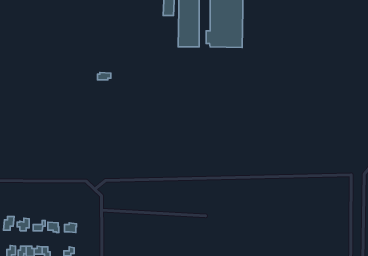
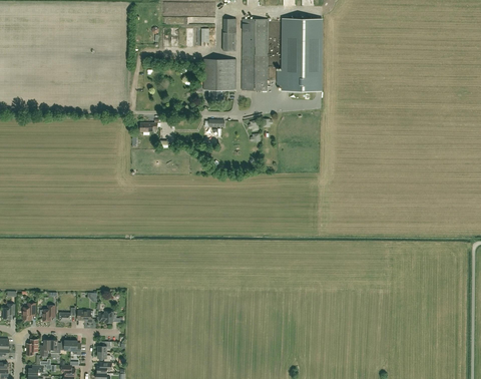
building: none -> [203,58,236,100]

